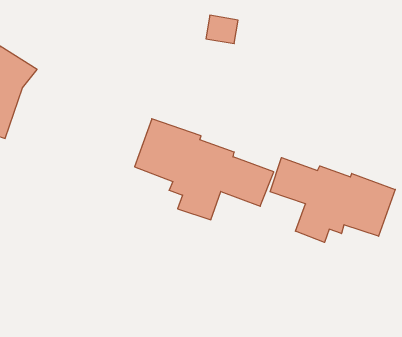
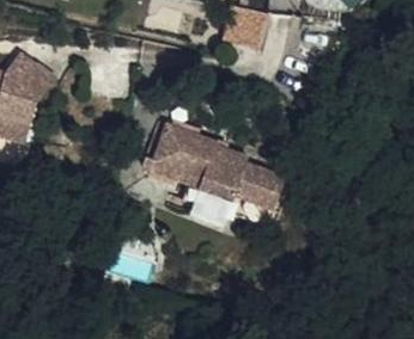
building: [270,158,395,242] -> none

